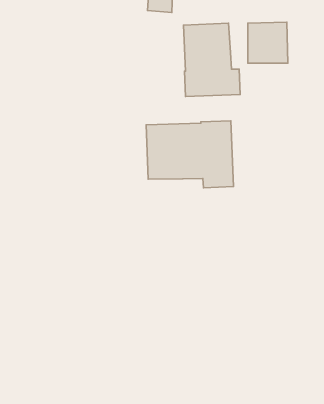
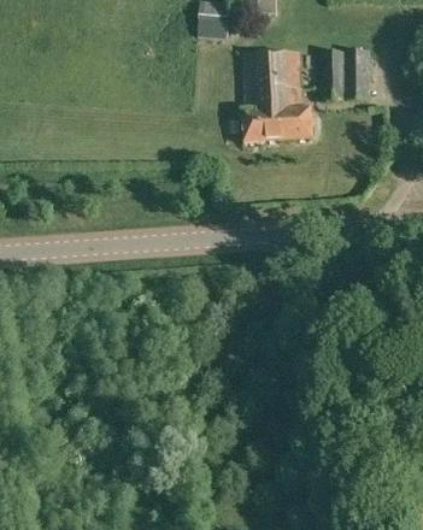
building: [146,121,234,188] -> none

